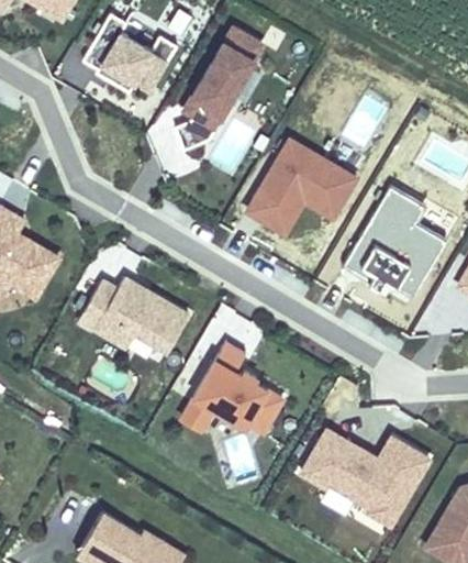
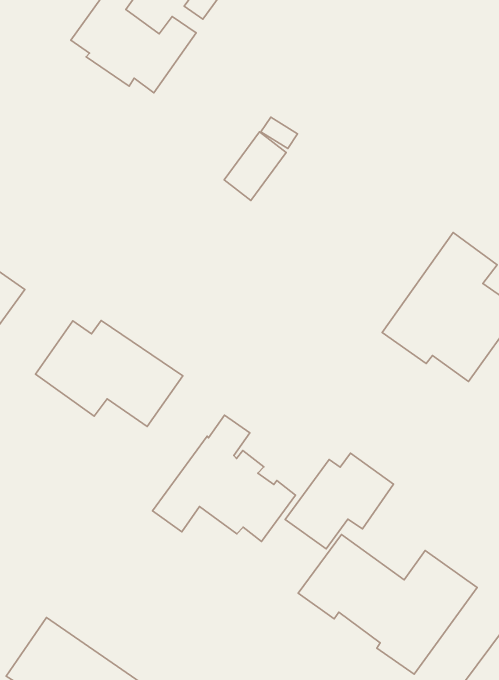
building: [175,23,266,148] -> none
building: [243,135,359,238] -> none
building: none -> [285,453,394,549]

